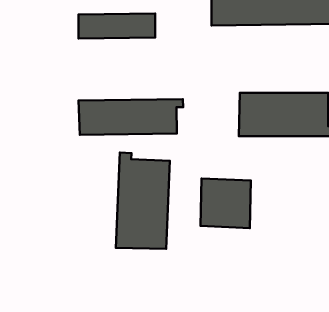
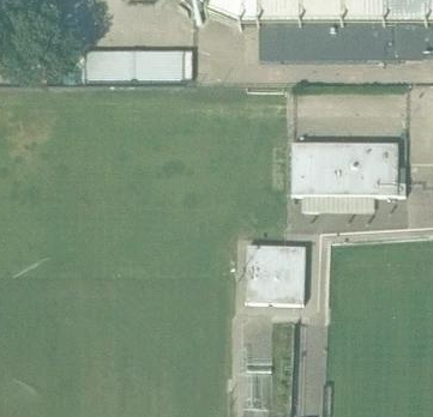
building: [78,99,183,135] -> none
building: [116,153,170,249] -> none

